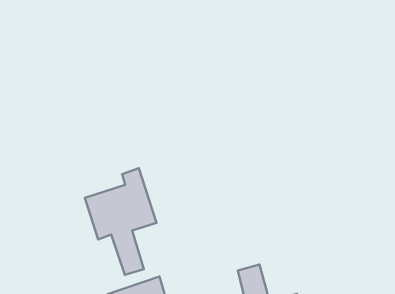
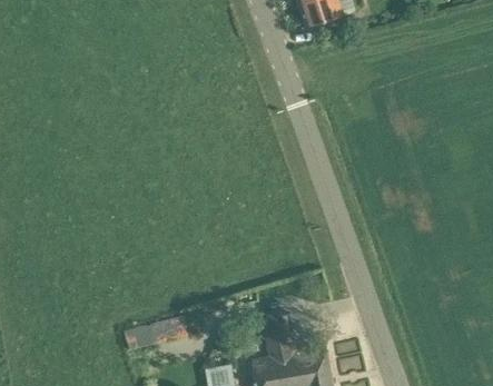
building: [85,168,156,275] -> none

